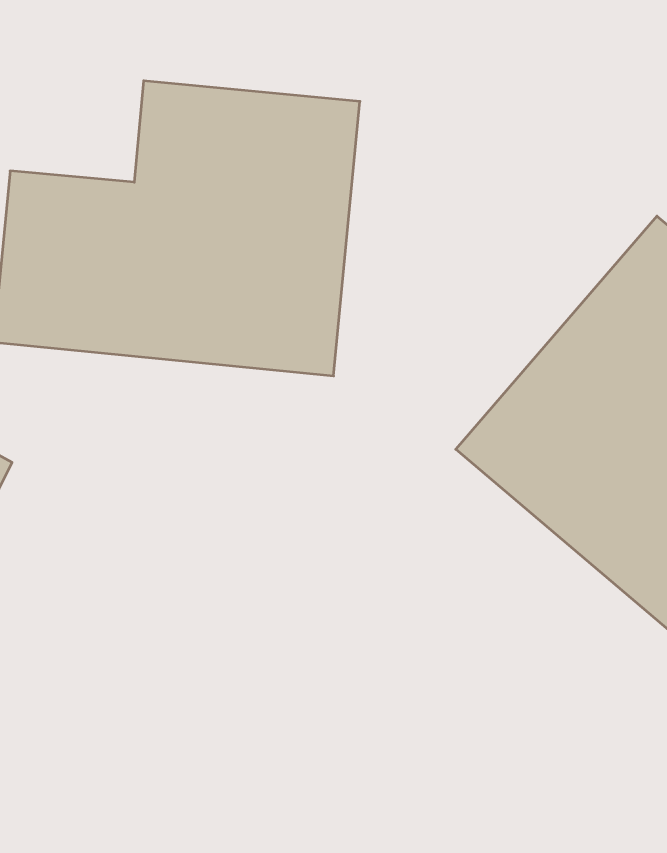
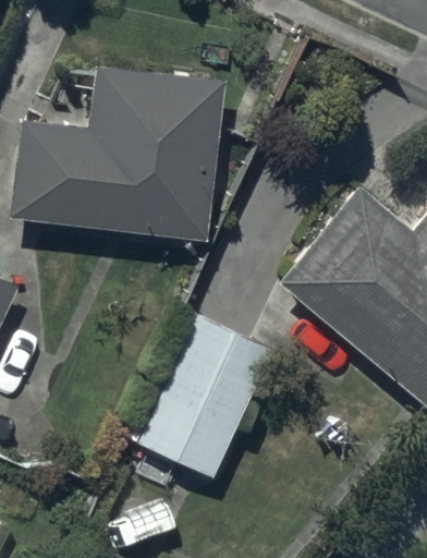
building: none -> [129,312,276,482]

